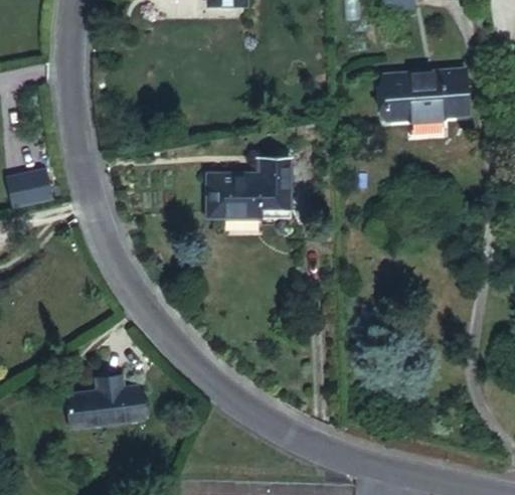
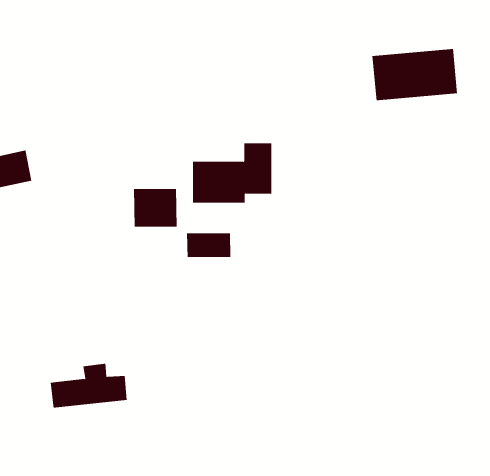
building: none -> [134,188,177,227]
building: none -> [186,233,231,258]

